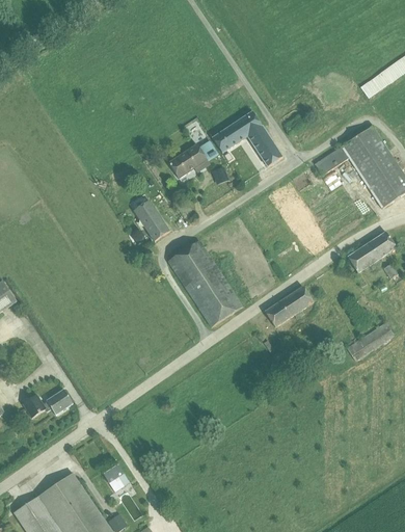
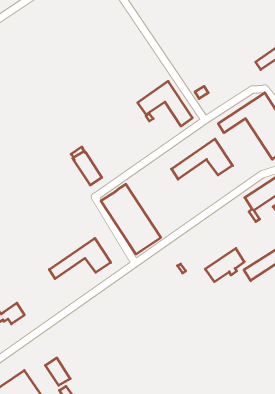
building: [166,140,218,179] -> none
building: none -> [171,139,233,179]
building: [264,286,313,327] -> [205,248,244,282]
building: none -> [49,238,111,279]

